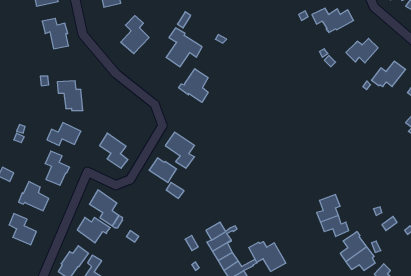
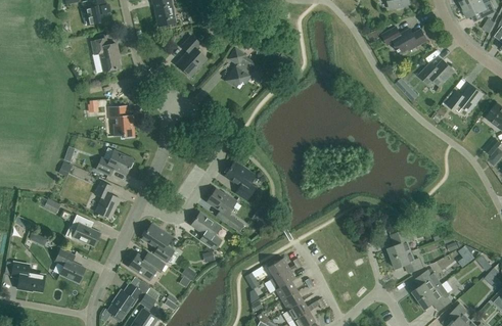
building: [179,69,208,102] -> none
building: [100,133,128,168] -> [191,212,222,249]
building: [249,242,286,271] -> none

